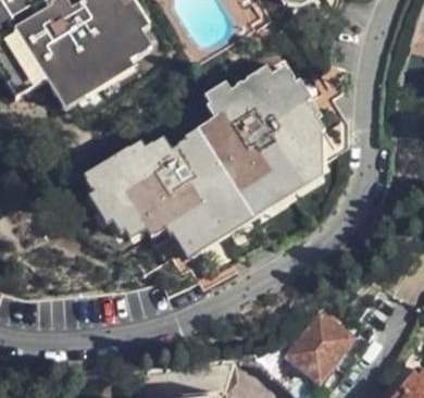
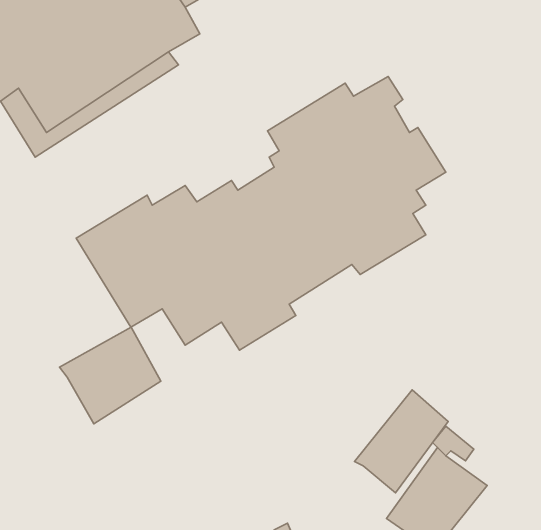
building: none -> [60,327,161,424]
building: none -> [354,390,448,493]

